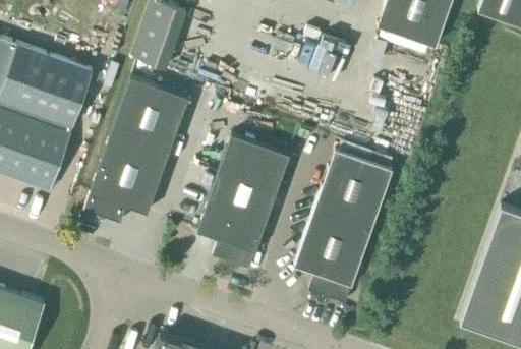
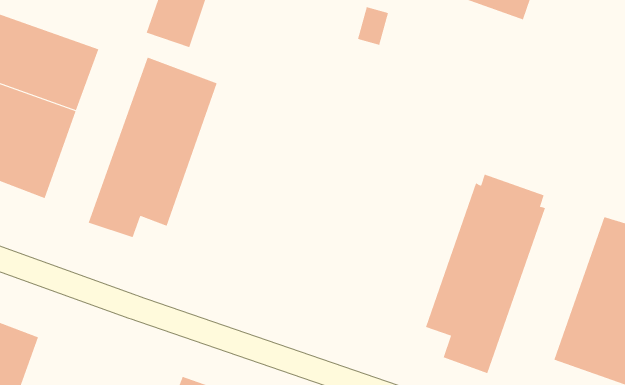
building: [197,135,289,270] -> none
building: [294,142,392,304] -> [425,174,546,374]

